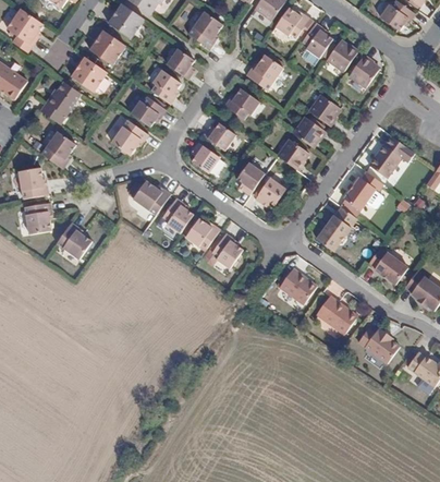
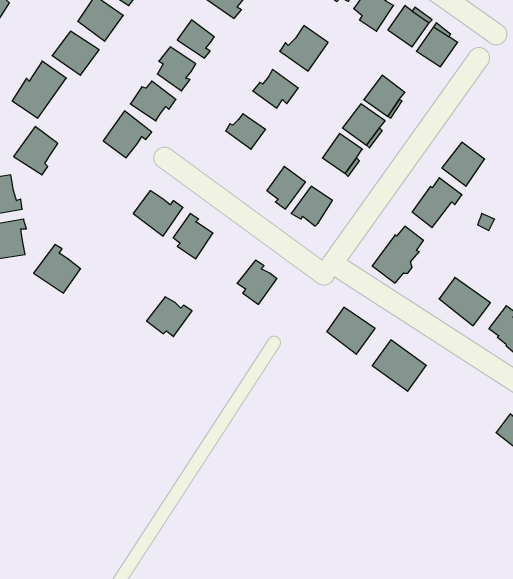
building: [188,141,218,170] -> none
building: [185,217,220,248] -> [147,297,192,337]
building: [357,328,399,363] -> none

